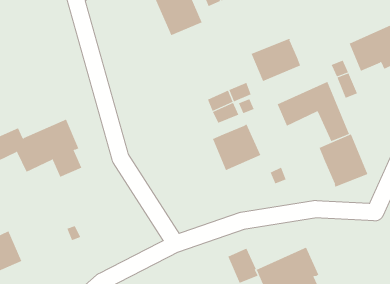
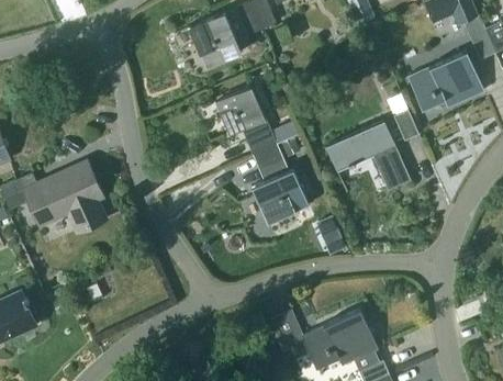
building: [251,38,301,82] -> none
building: none -> [215,87,266,135]
building: [319,134,368,187] -> none

